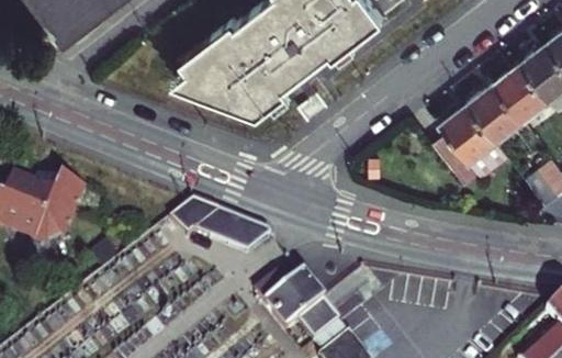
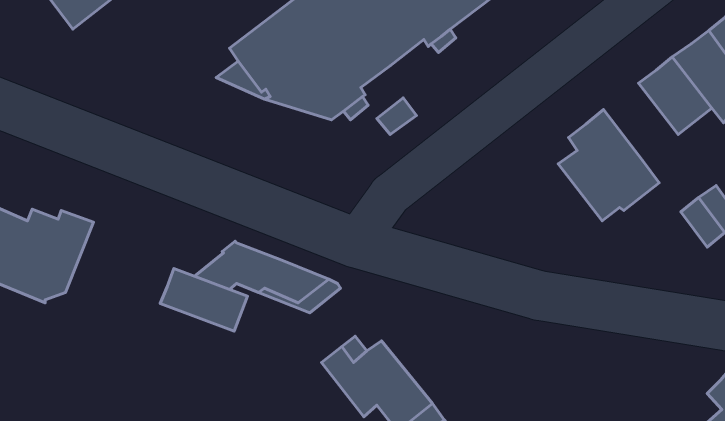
building: [468,83,524,142] -> none
building: none -> [160,269,247,331]

